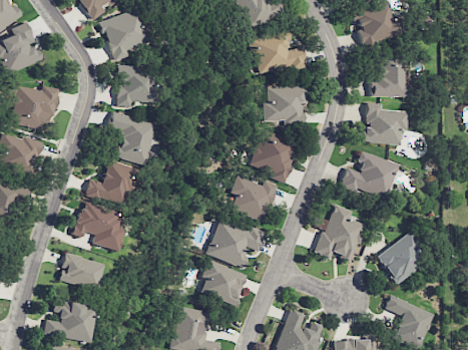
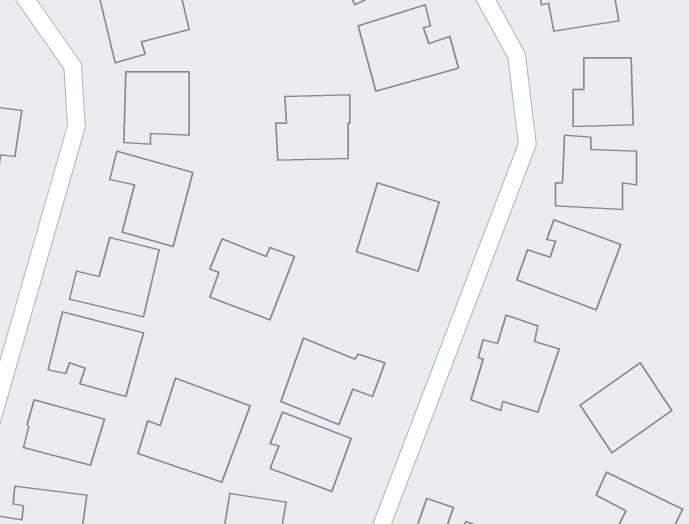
building: [263,86,305,123] -> [276,95,350,160]
building: [229,176,278,222] -> [210,239,294,320]
building: none -> [138,378,250,482]

